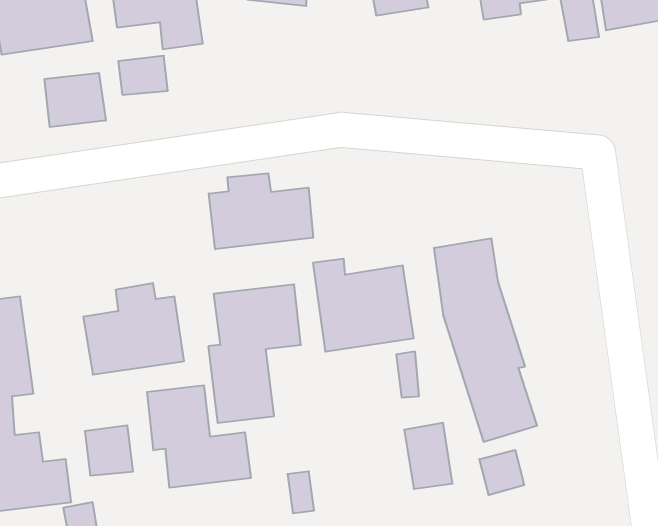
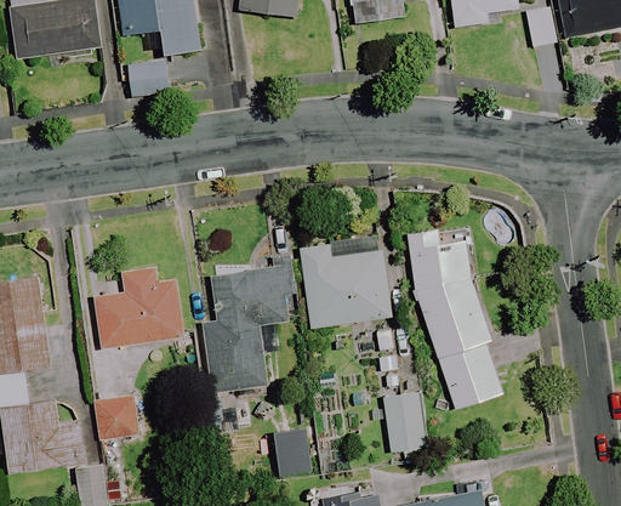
building: [45,73,106,127] -> none
building: [209,173,313,249] -> none
building: [147,385,251,488] -> none
building: [479,450,524,495] -> none

